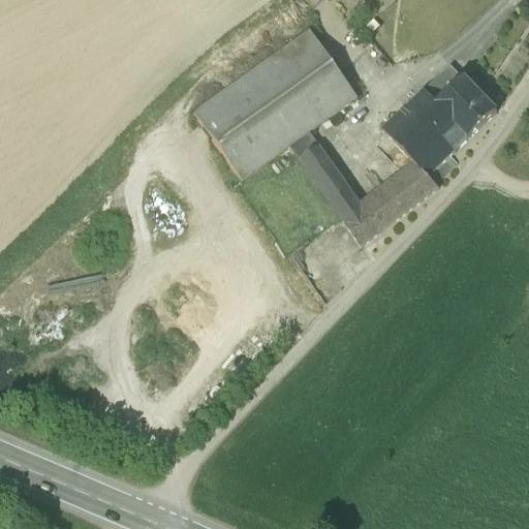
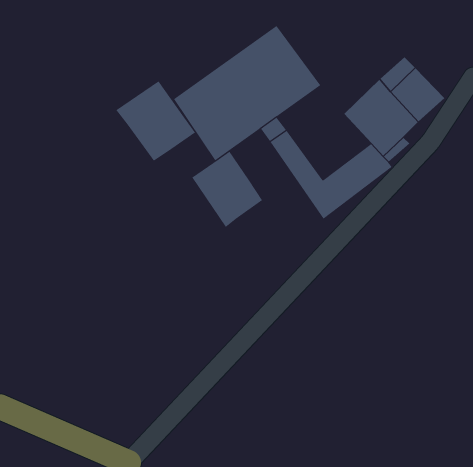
building: none -> [116,81,196,161]
building: none -> [192,151,263,228]

